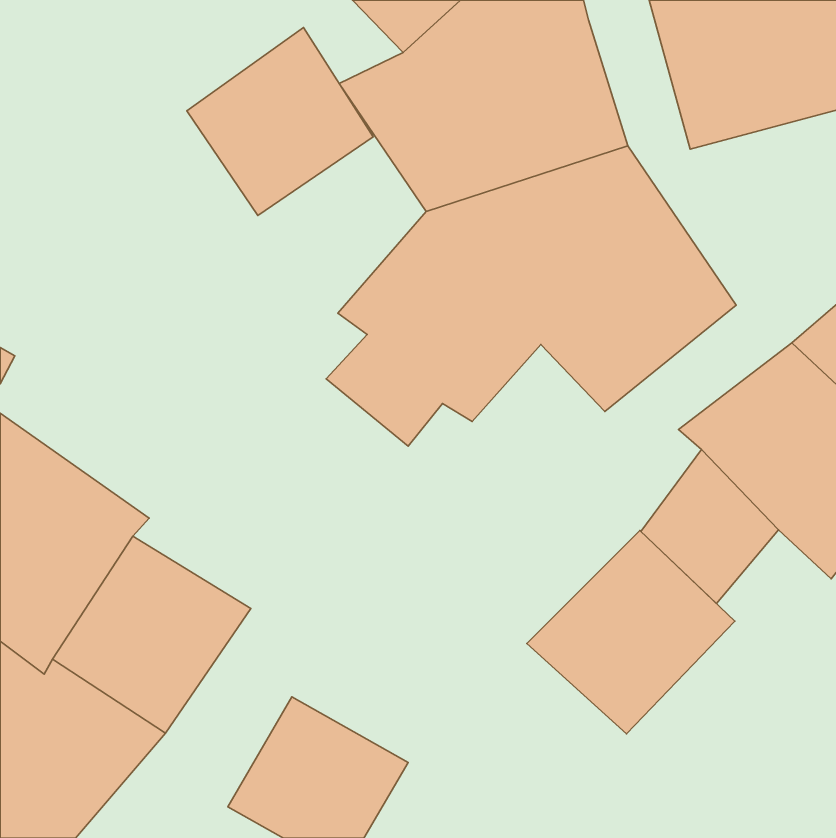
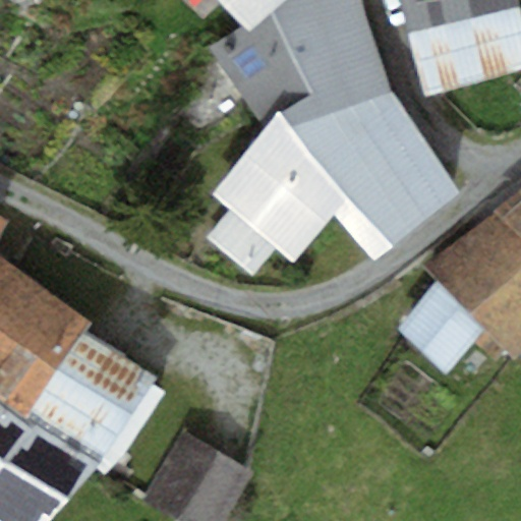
building: [187,28,373,215] -> none
building: [527,530,735,734] -> none

